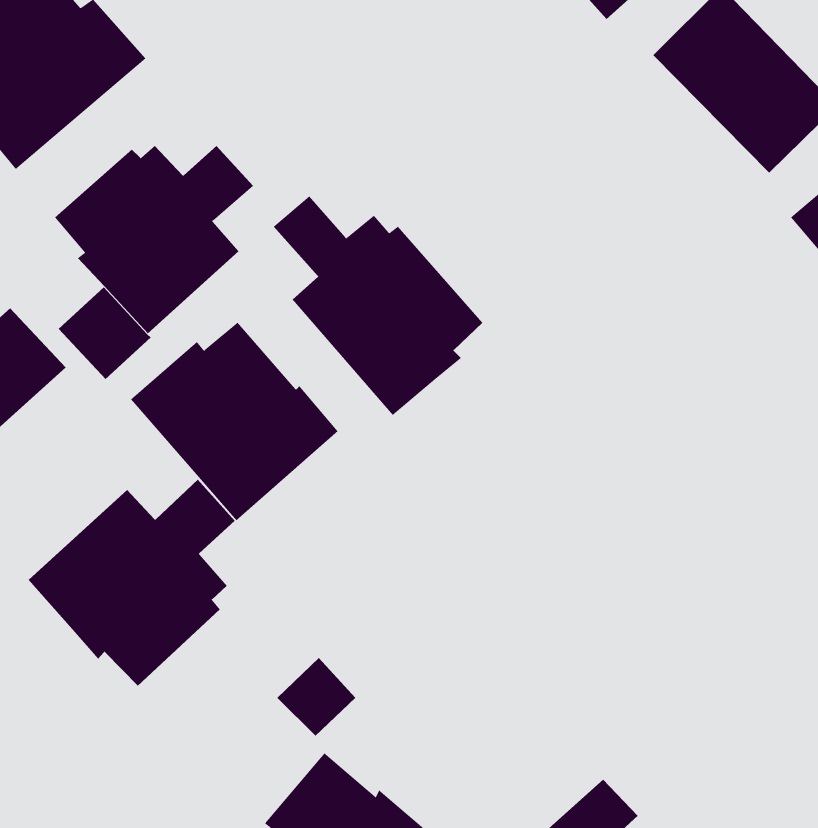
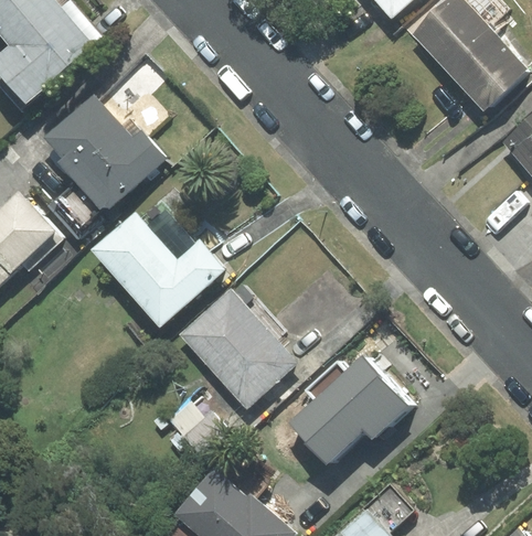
building: [273,195,483,416] -> none
building: none -> [182,285,292,406]
building: [28,479,236,686] -> none
building: none -> [290,360,404,462]

